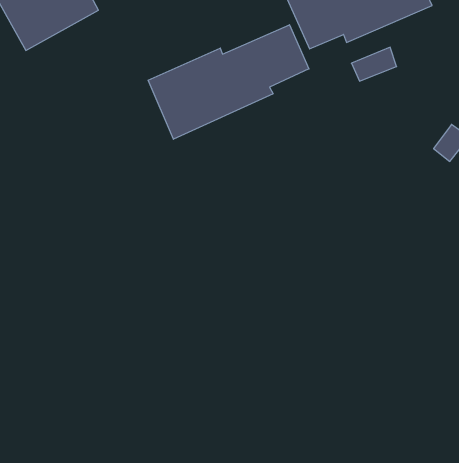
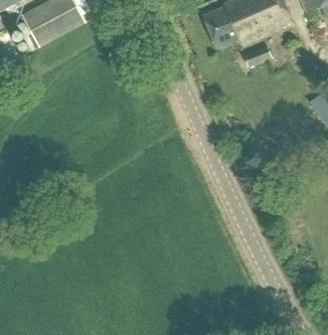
building: [148,25,309,139] -> none

